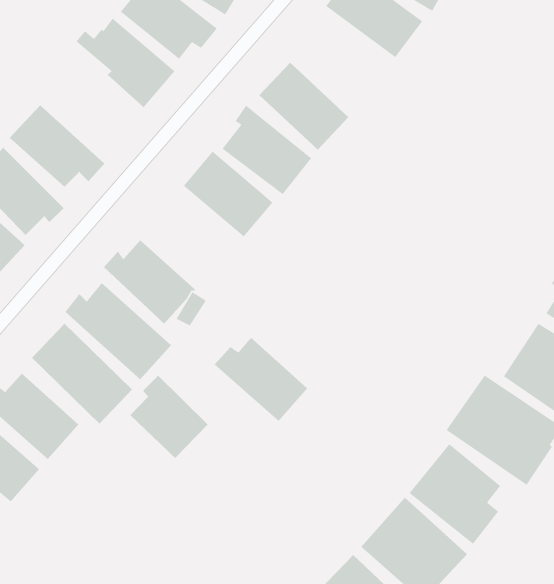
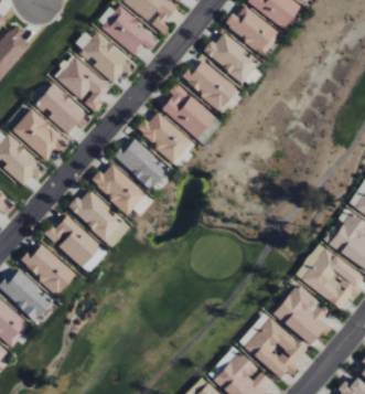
building: none -> [203,31,259,83]
building: none -> [53,54,111,110]
building: [214,337,308,422] -> [112,139,169,190]
building: [130,375,209,459] -> none

